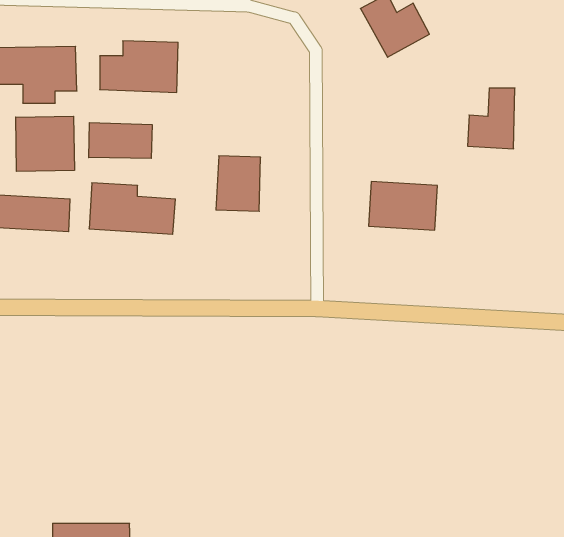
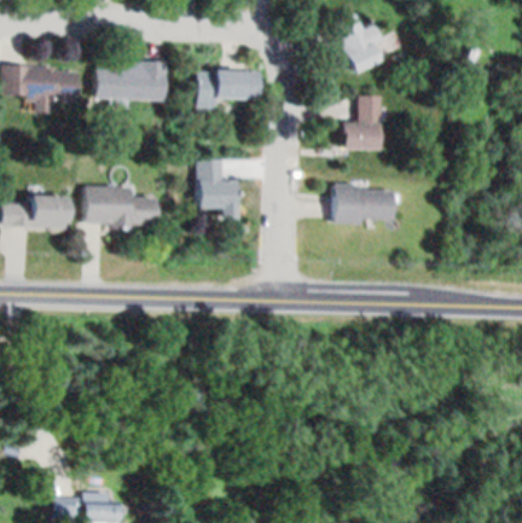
building: none -> [196,70,259,115]
building: [468,88,515,149] -> [341,98,383,152]
building: [16,116,74,171] -> none
building: [89,123,152,158] -> none

